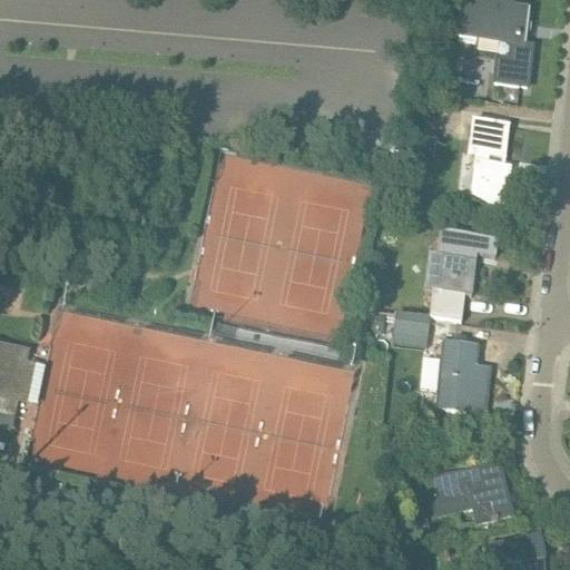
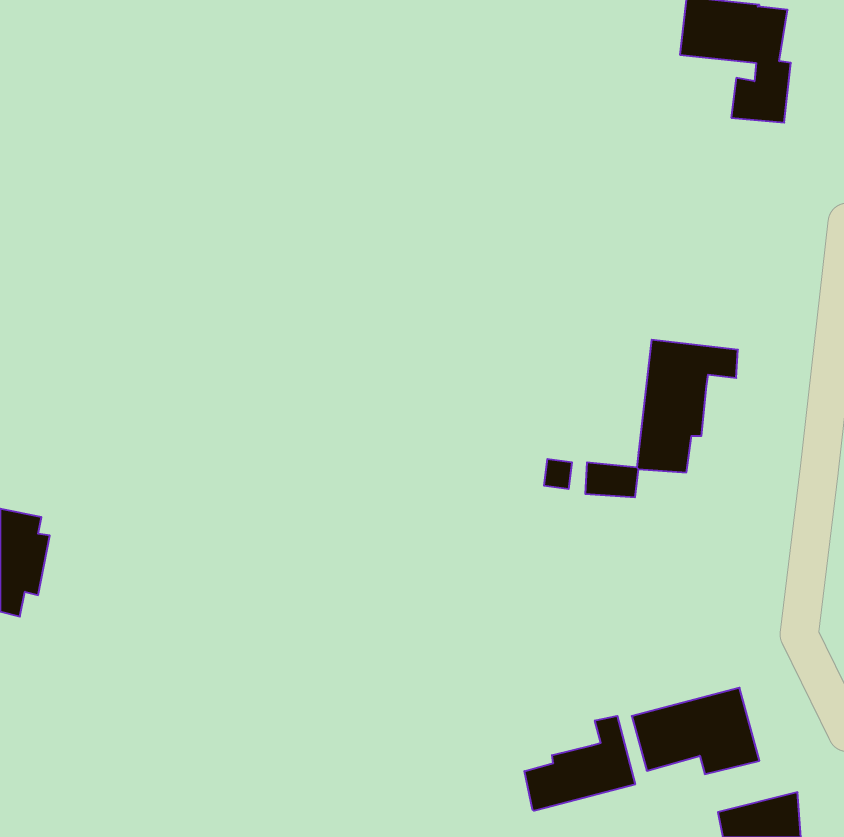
building: [469,117,512,198] -> none
building: [436,340,492,411] -> none
building: none -> [524,716,635,811]

